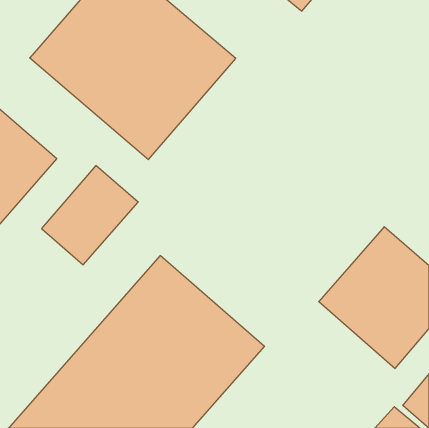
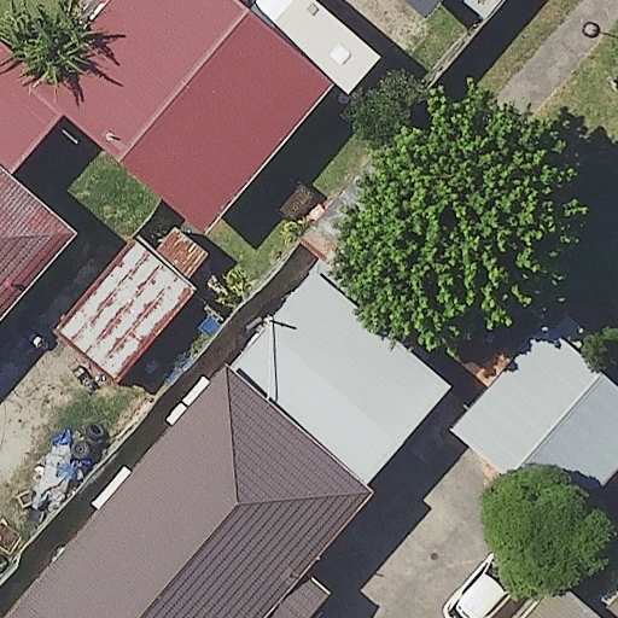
building: none -> [240,268,456,476]

